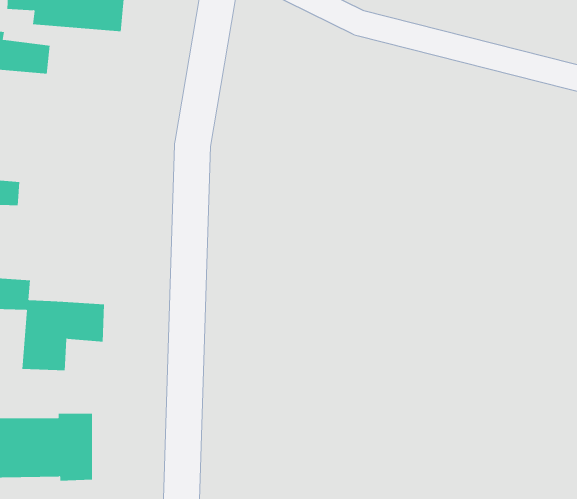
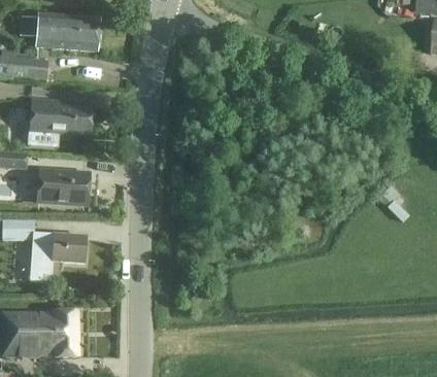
building: none -> [27,98,91,146]
building: none -> [35,169,87,205]

